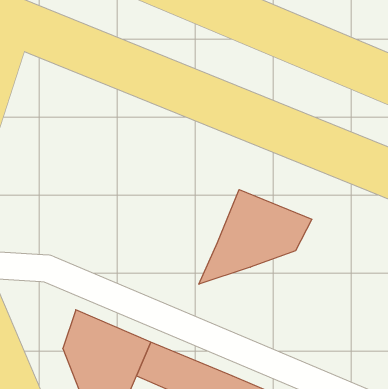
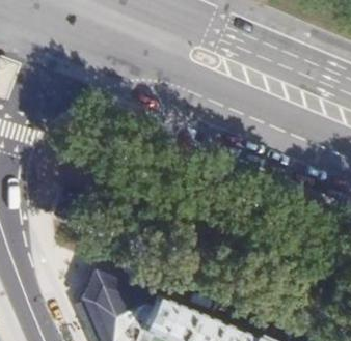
building: [199,190,312,284] -> none

